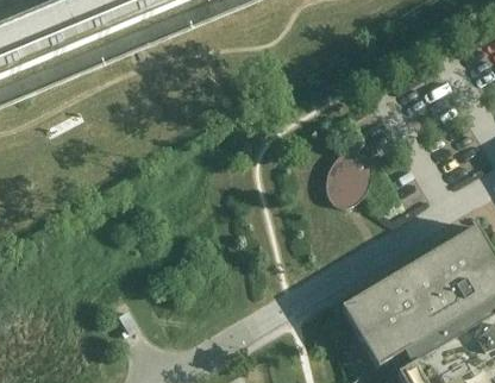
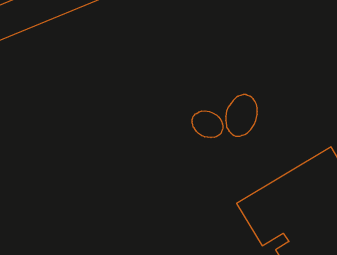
building: none -> [192,111,223,138]

